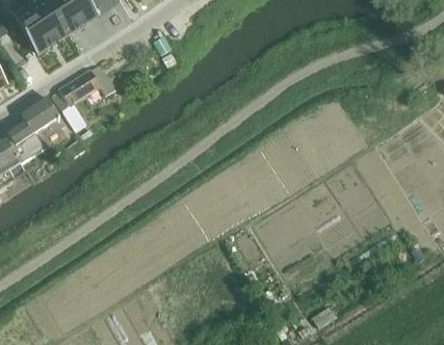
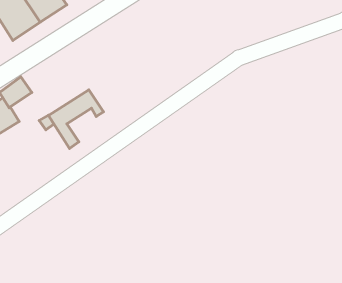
building: [52,64,114,131] -> [49,90,104,148]

